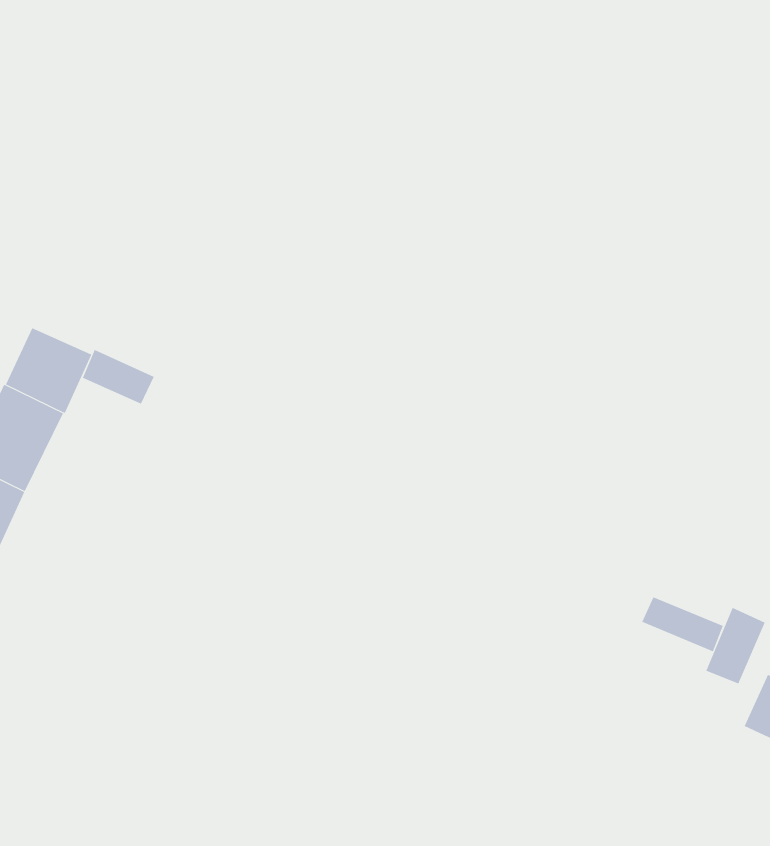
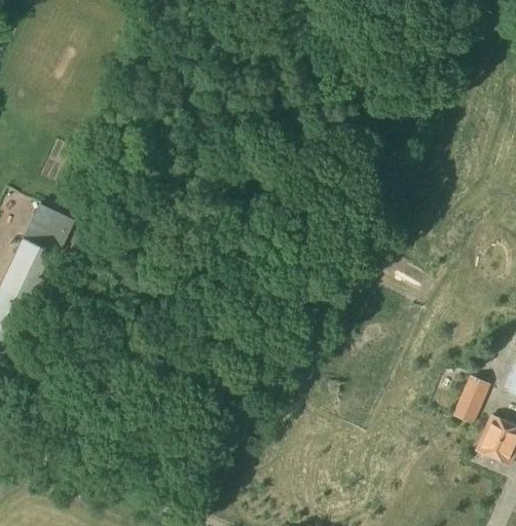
building: [82,349,155,405] -> none
building: [642,597,723,652] -> none

